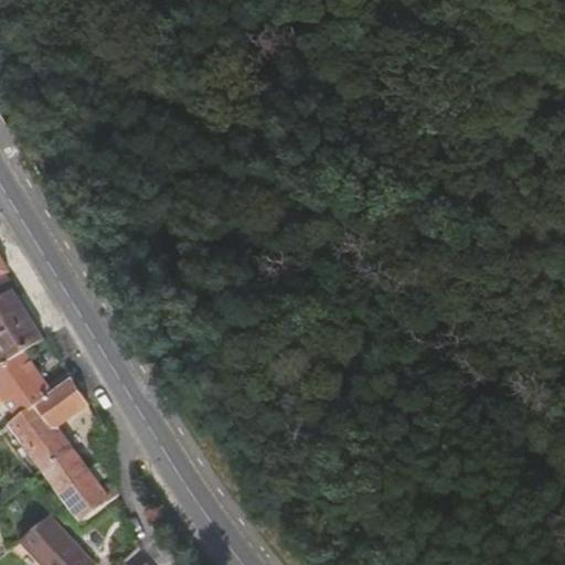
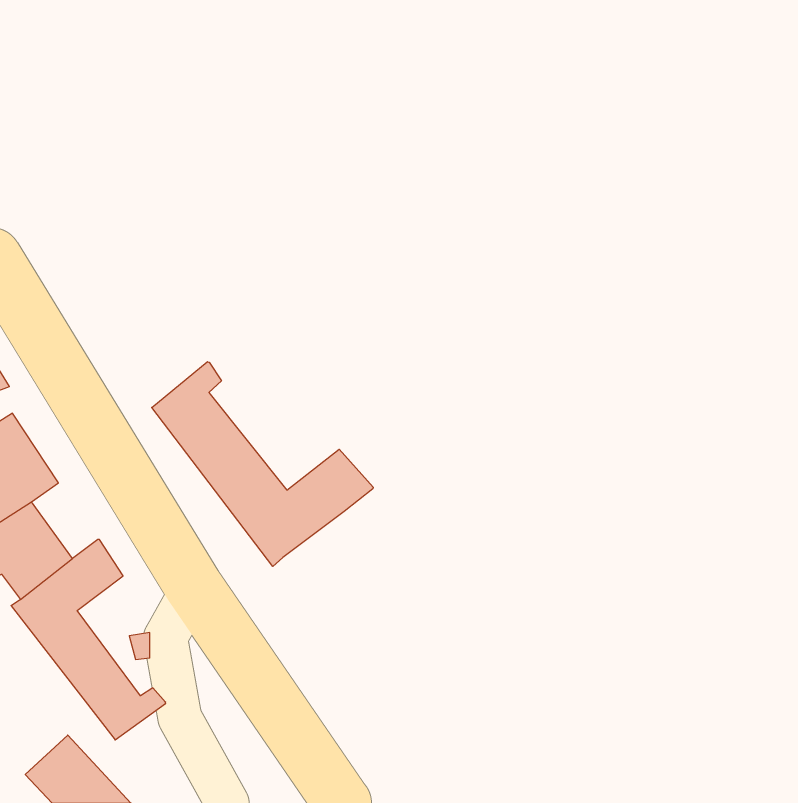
building: none -> [152,362,373,566]

